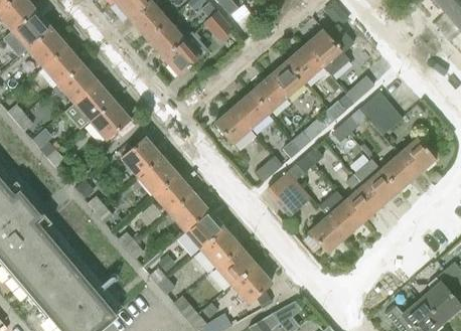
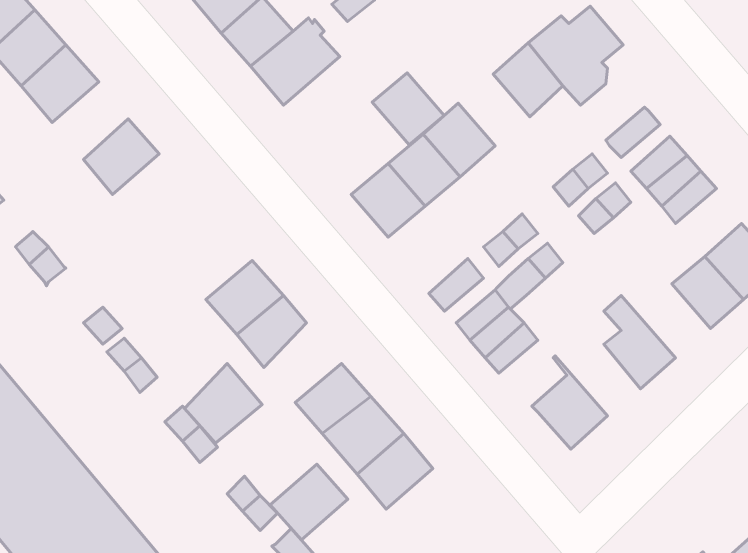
building: [269,59,306,97] -> [372,73,444,145]
building: [58,63,98,104] -> none
building: [90,101,130,140] -> none
building: [122,137,162,176] -> none
building: [353,159,400,206] -> none
building: [168,188,208,229] -> [184,364,262,443]
building: [319,191,363,236] -> none
building: [232,264,272,303] -> [270,464,348,540]

